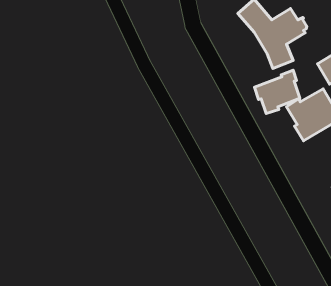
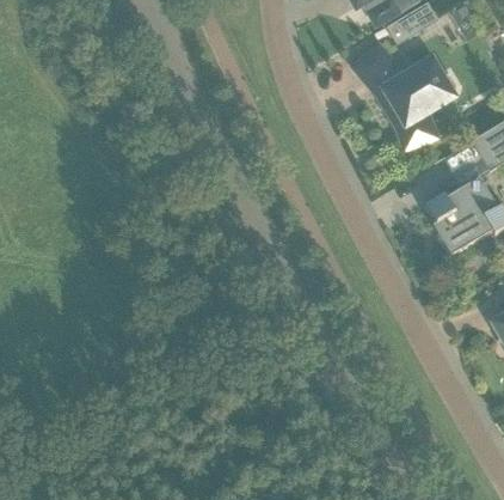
building: [255,70,300,114] -> none

